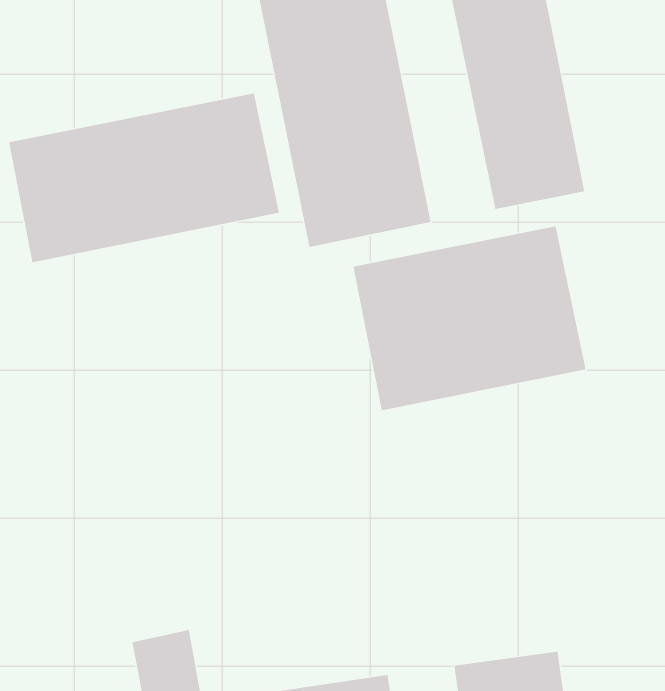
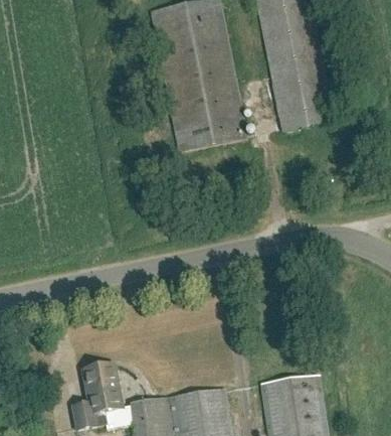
building: [8,92,280,263] -> none
building: [353,225,586,411] -> none

